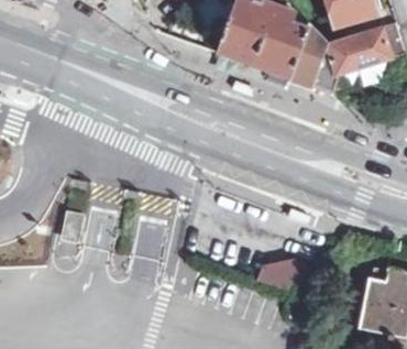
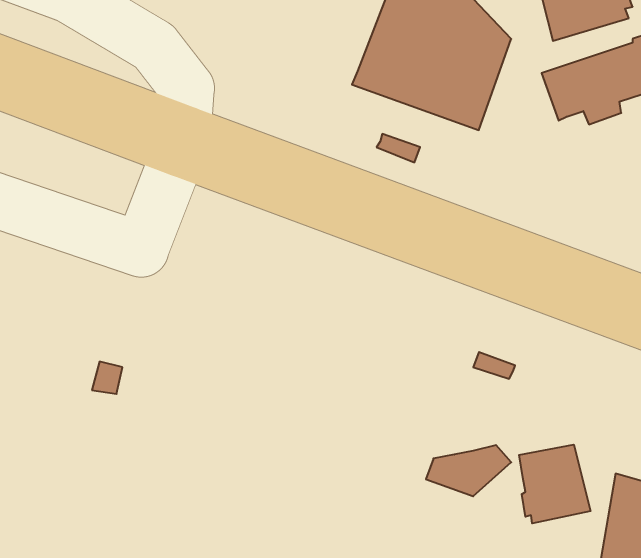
building: [287,24,341,95] -> none
building: none -> [519,445,591,523]

